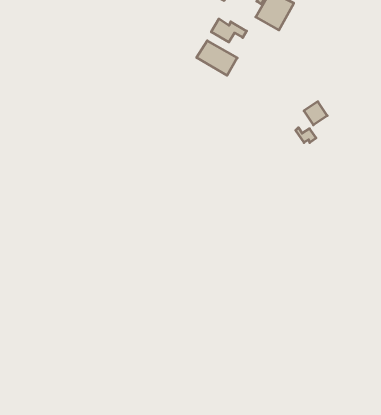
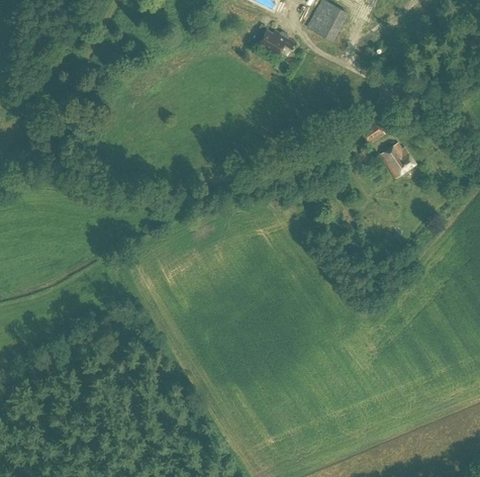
building: [197,41,237,75] -> none
building: none -> [378,141,414,177]

